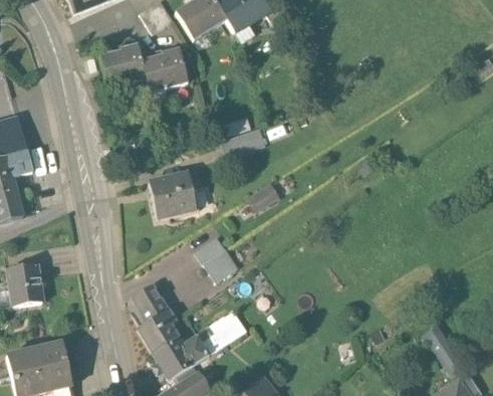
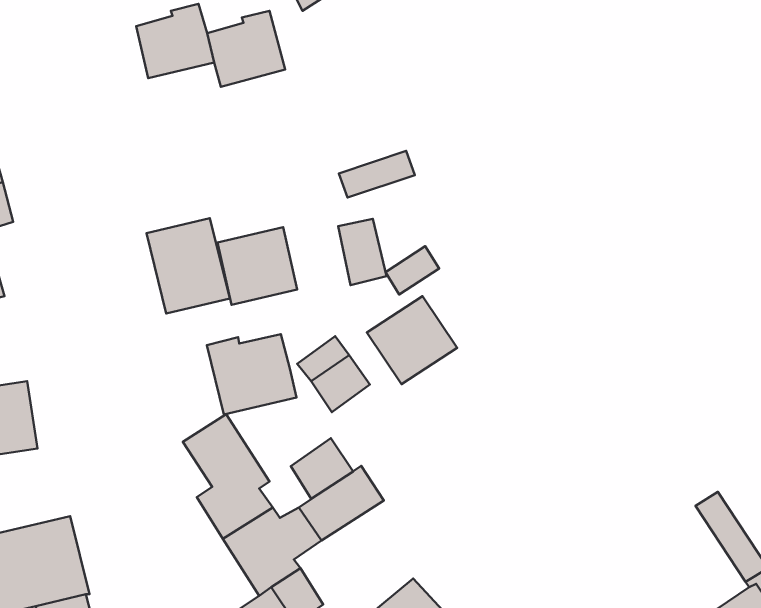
building: none -> [146,218,230,314]
building: none -> [338,219,386,285]
building: none -> [367,296,457,384]
building: none -> [207,334,296,415]
building: none -> [291,438,353,499]

